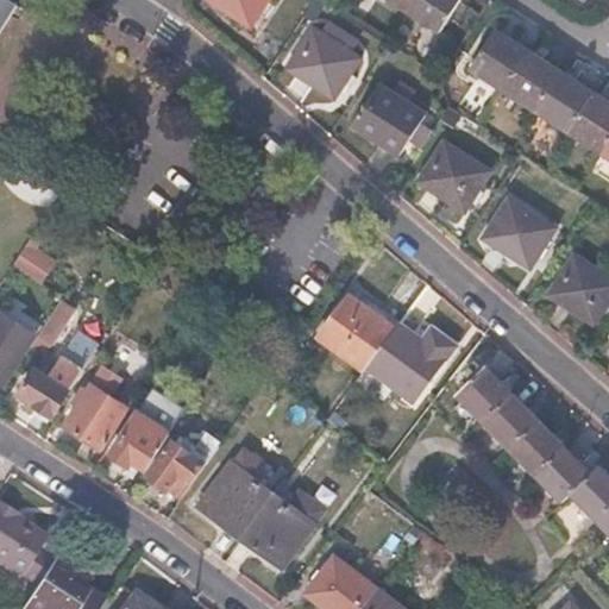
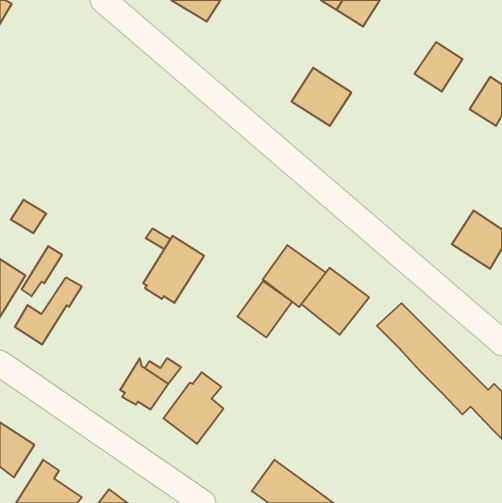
building: [288,26,360,96] -> none
building: [471,31,527,89] -> none
building: [534,71,592,132] -> none
building: [420,138,492,208] -> none
building: [479,197,554,270] -> none
building: none -> [237,281,292,337]
building: [64,368,125,447] -> none
building: [107,390,181,471] -> [143,236,204,303]
building: [238,491,324,569] -> none

